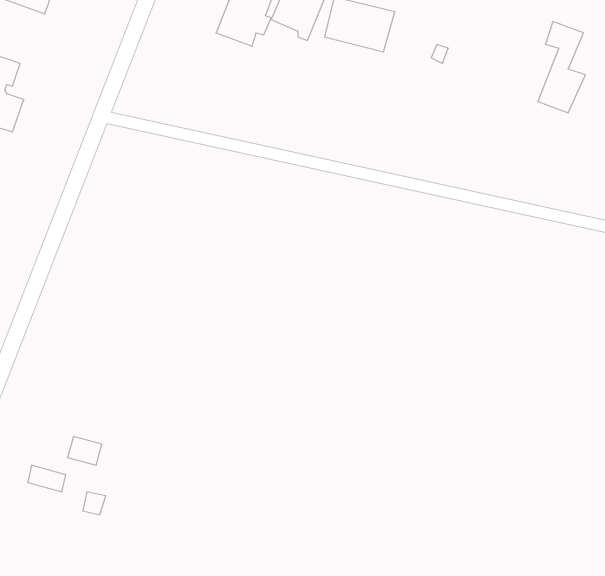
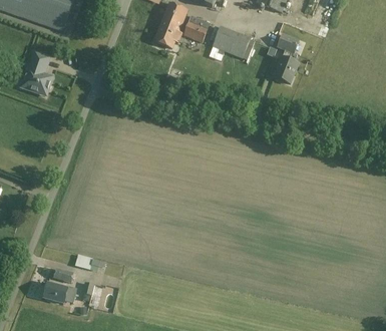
building: [538,21,585,113] -> [273,35,298,83]
building: none -> [43,283,76,303]

